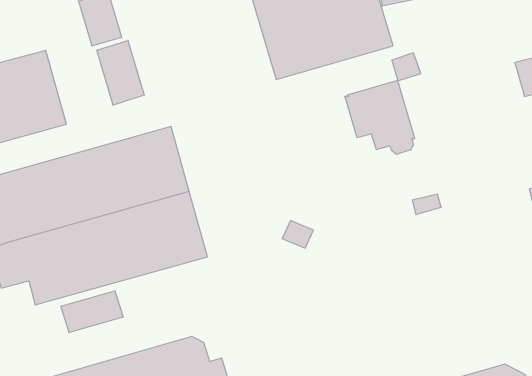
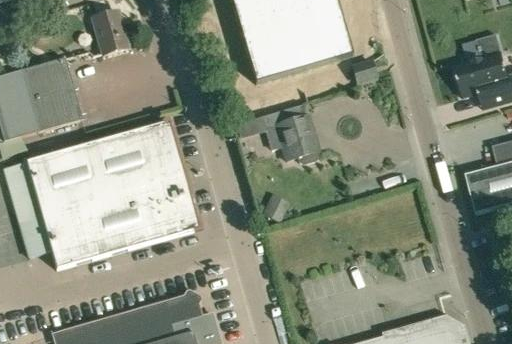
building: [97,40,144,105] -> none
building: [345,81,415,154] -> [261,103,319,164]
building: [61,291,123,333] -> none

